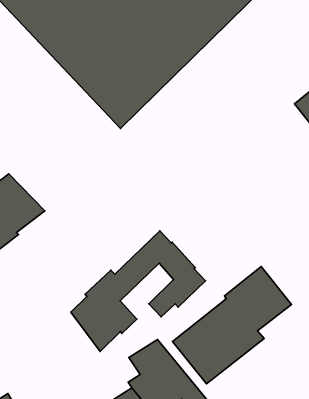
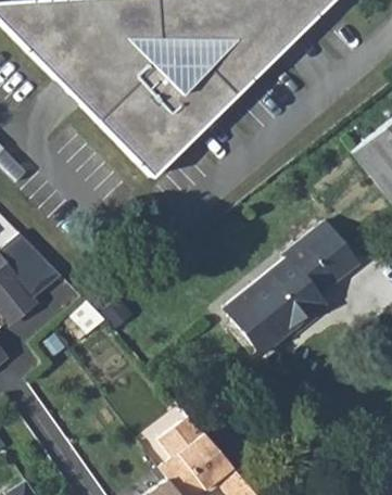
building: [71,231,206,351] -> none
building: [172,267,291,384] -> [223,221,359,356]

